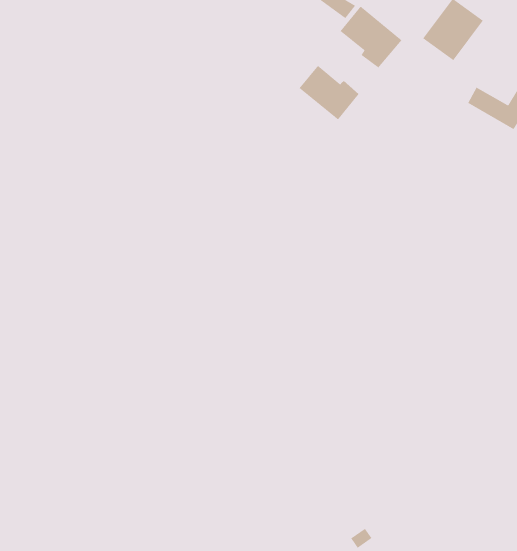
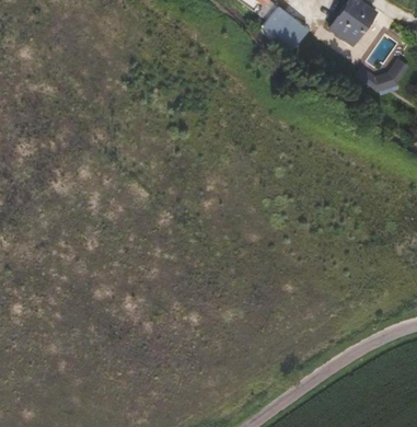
building: [299,65,359,121] -> none

